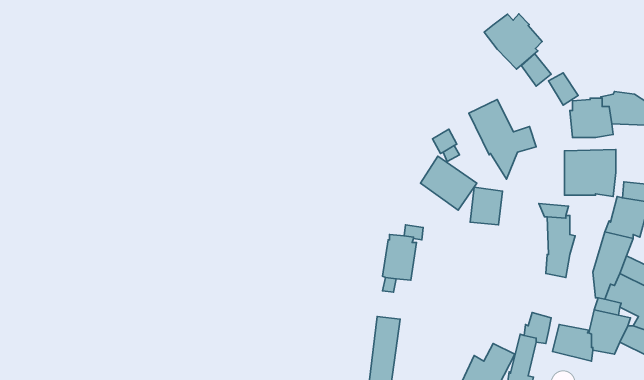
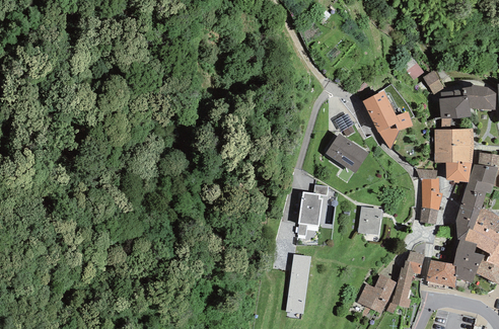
building: [484,14,542,69] -> none
building: [470,187,503,225] -> [357,207,381,235]
building: none -> [445,162,471,183]

